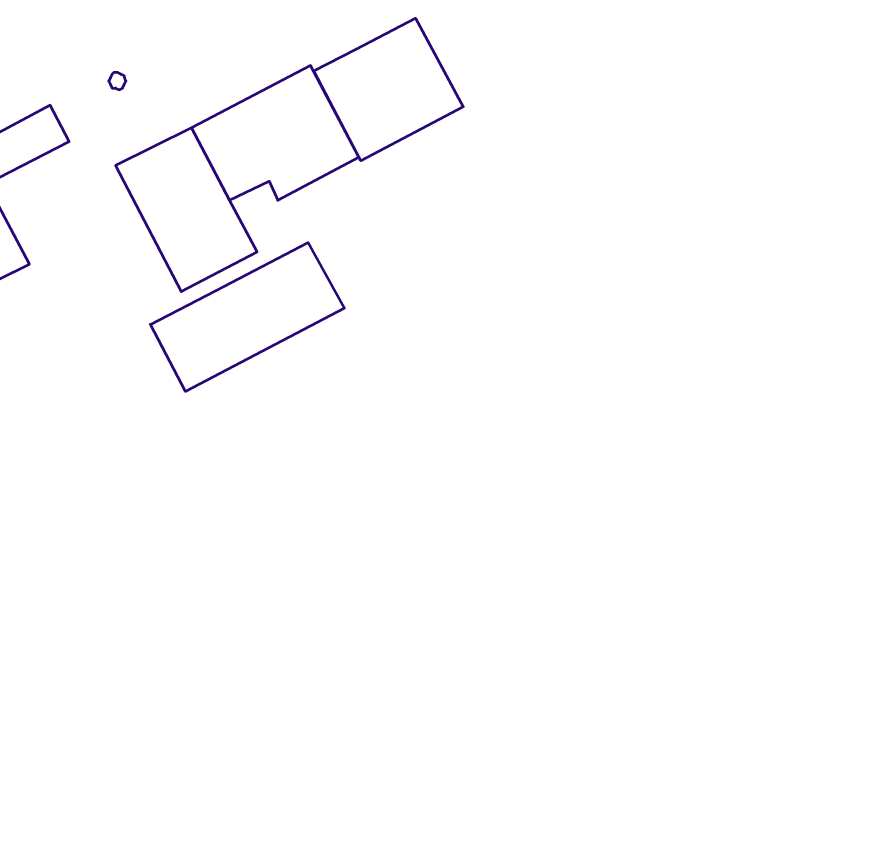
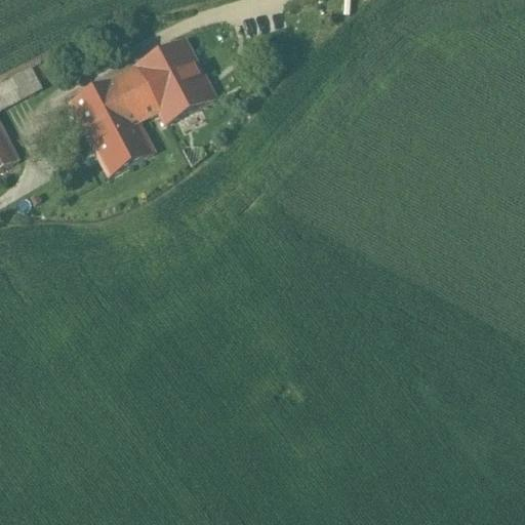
building: [314,18,463,161] -> none
building: [150,243,344,391] -> none

